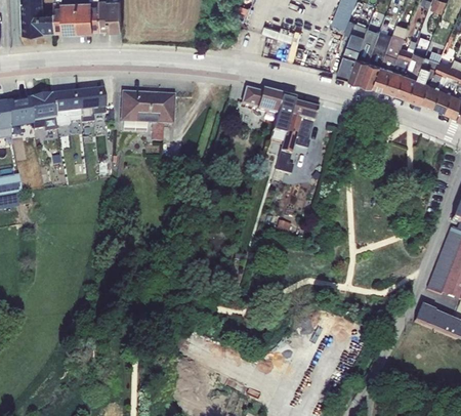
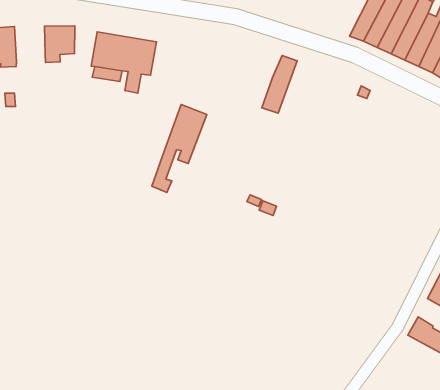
building: [241,88,281,115] -> none
building: [51,92,80,125] -> none
building: [277,98,317,174] -> [152,105,207,192]

